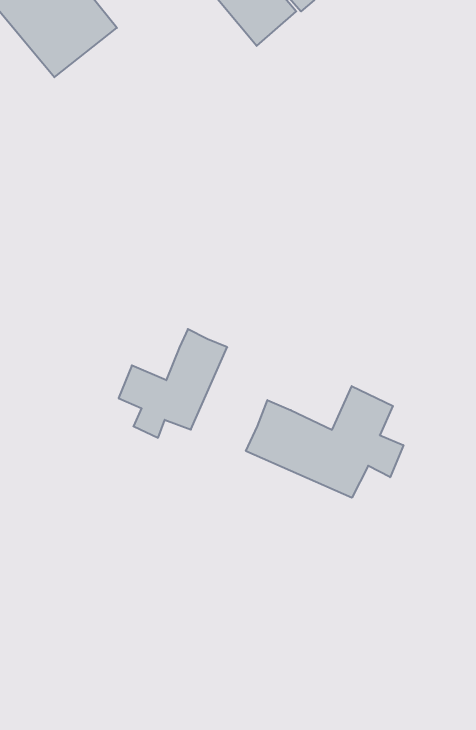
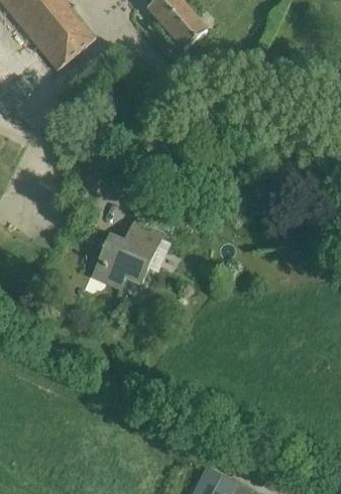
building: [246,386,403,498] -> none

